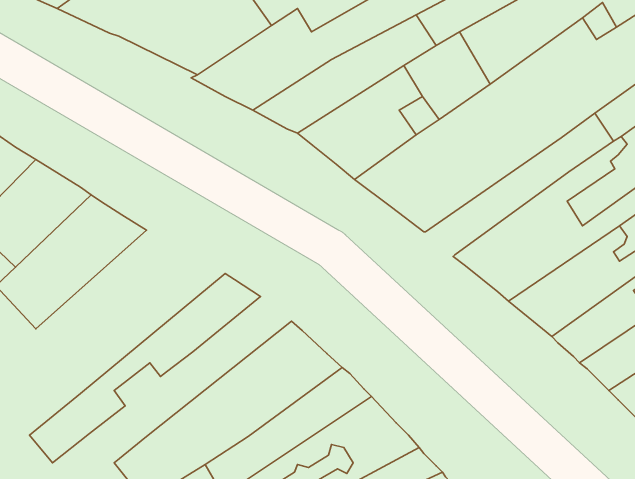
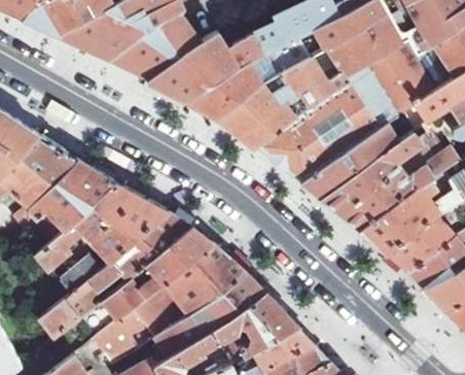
building: none -> [301,121,397,199]
building: none -> [37,182,168,292]
building: none -> [77,227,212,335]

